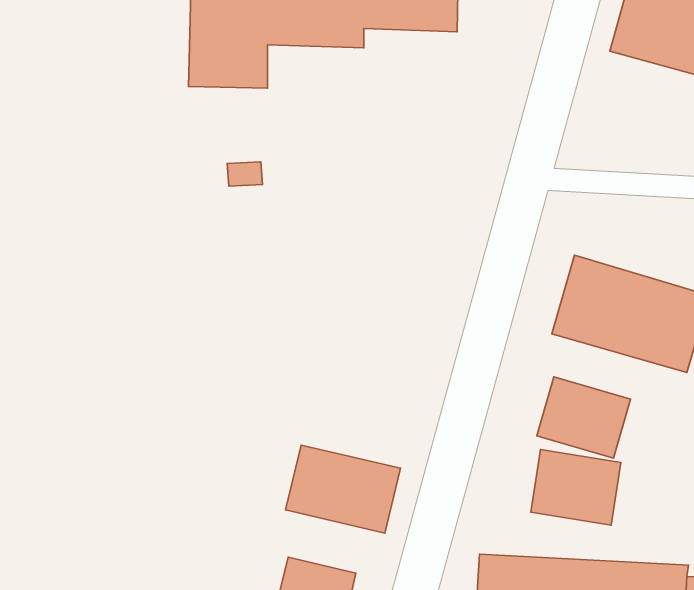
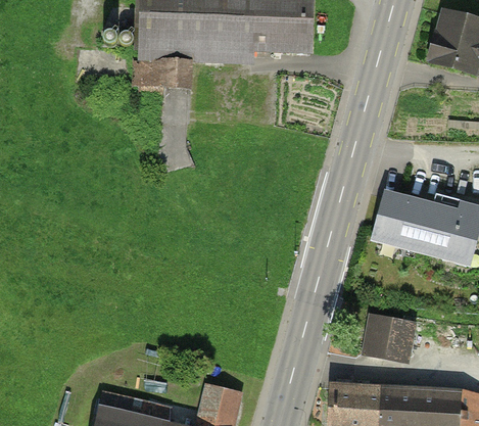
building: [537,377,630,458] -> none
building: [285,445,401,533] -> none

